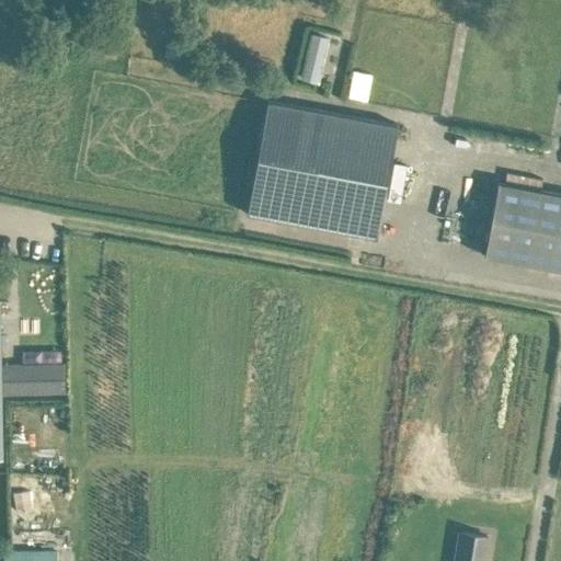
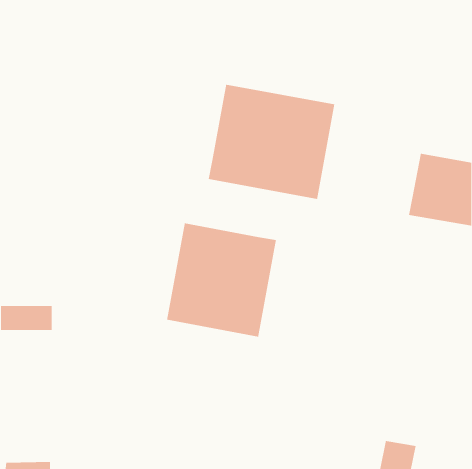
building: [301,34,333,85] -> none
building: none -> [166,223,277,337]

